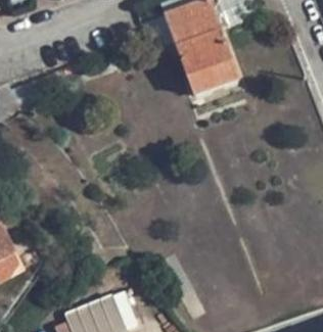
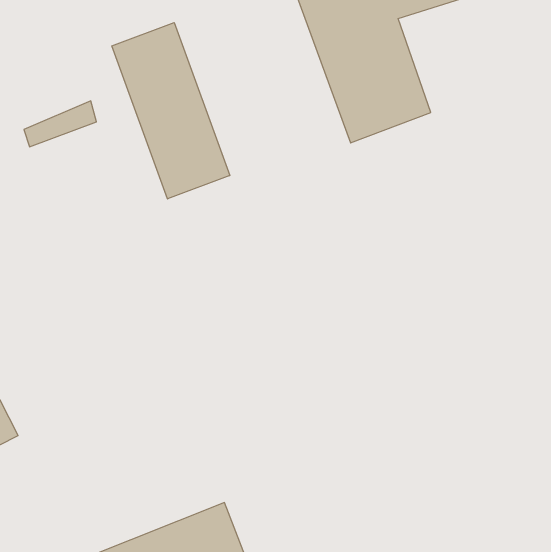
building: none -> [112,23,230,199]

